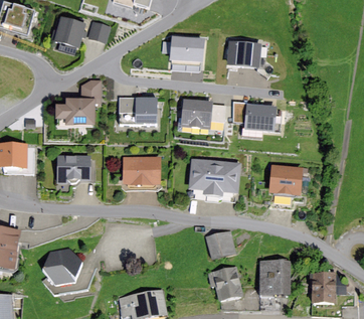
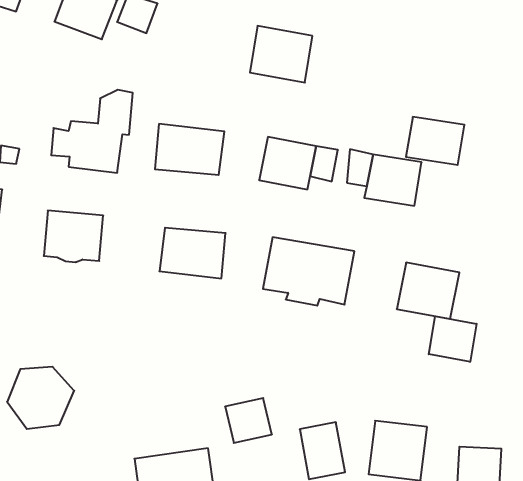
building: [226,40,259,66] -> [406,117,465,165]
building: none -> [429,316,477,362]
building: [209,228,238,257] -> [225,398,272,443]

